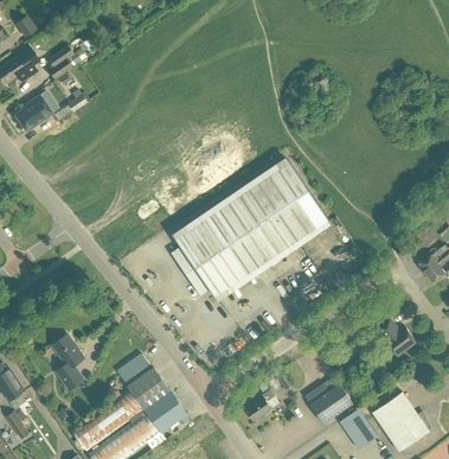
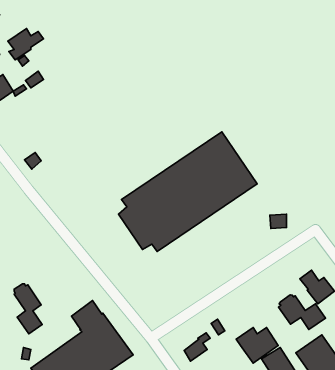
building: none -> [279,295,326,329]

